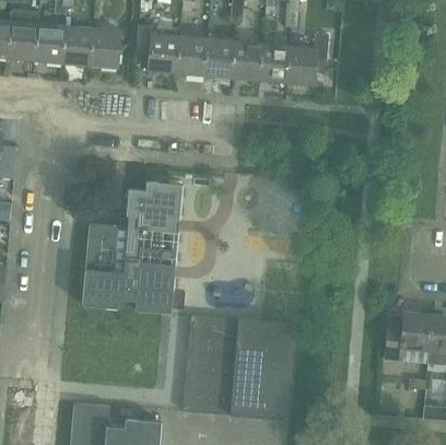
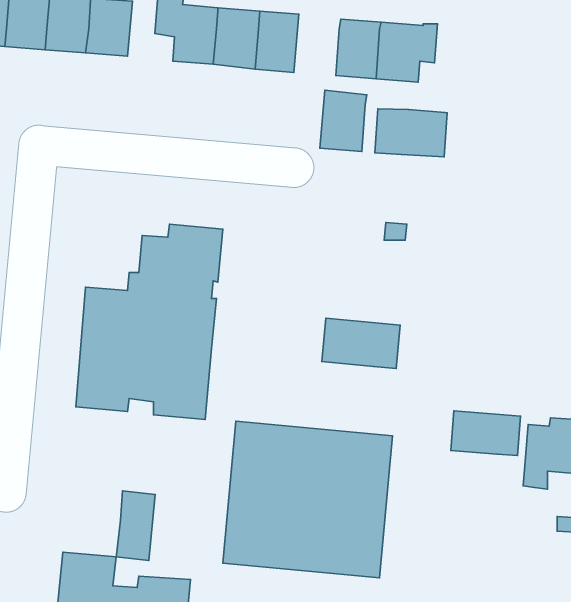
building: [231,39,262,81] -> [320,90,367,151]
building: none -> [375,109,447,157]
building: none -> [322,318,400,369]
building: none -> [451,411,521,456]
building: none -> [116,491,155,561]

